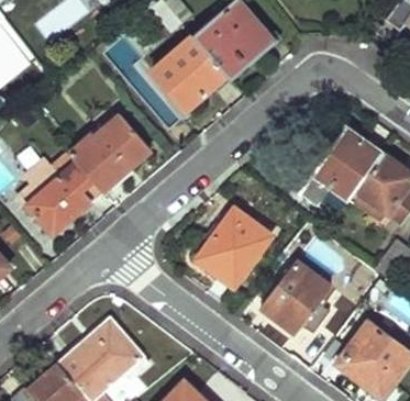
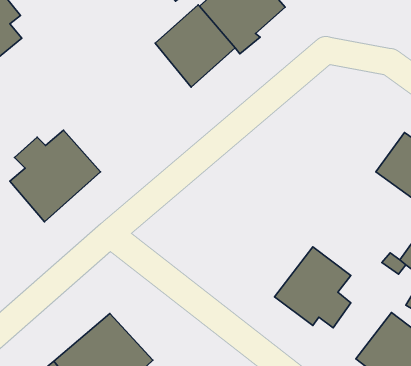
building: [67,114,148,190] -> none
building: [298,129,381,219] -> none
building: [198,208,273,287] -> none

